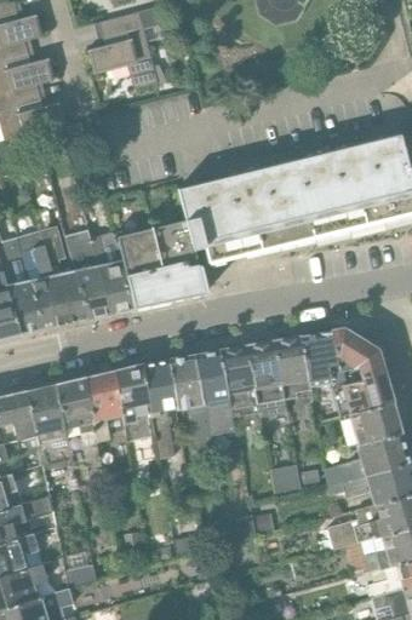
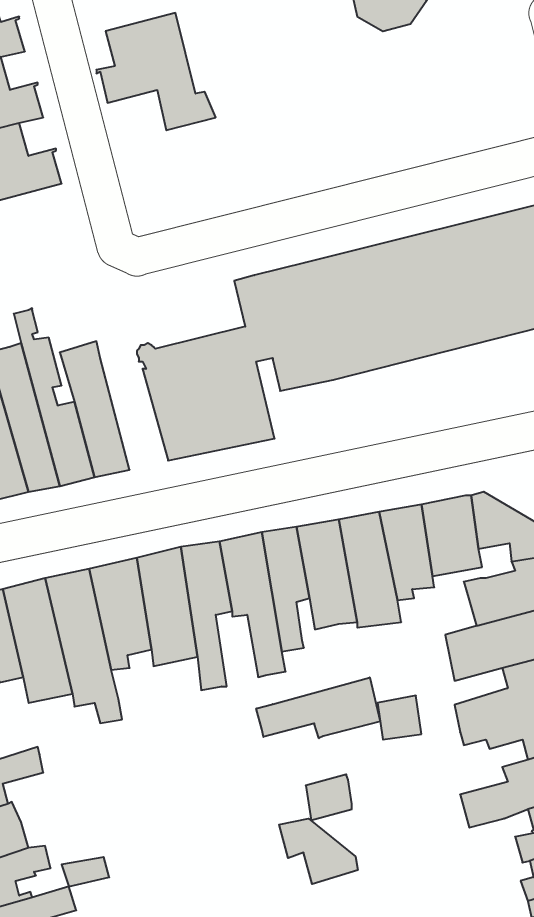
building: [91,236,136,314] -> none
building: none -> [256,677,380,738]
building: none -> [279,819,358,884]

